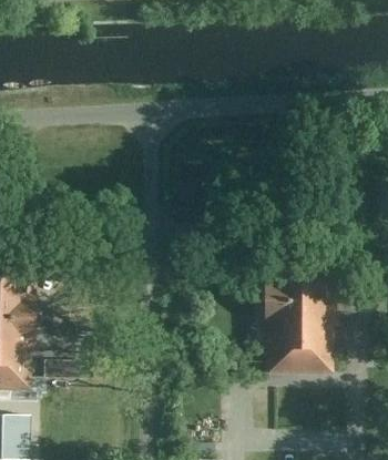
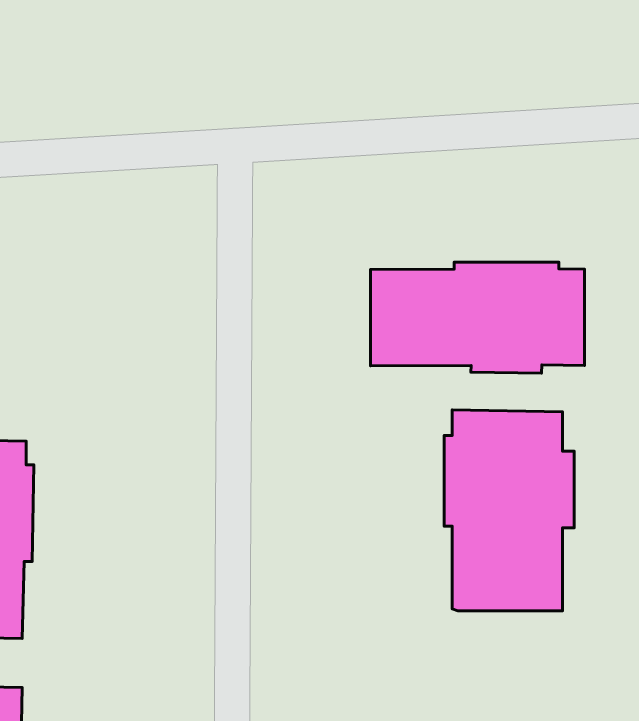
building: none -> [371,262,584,373]

